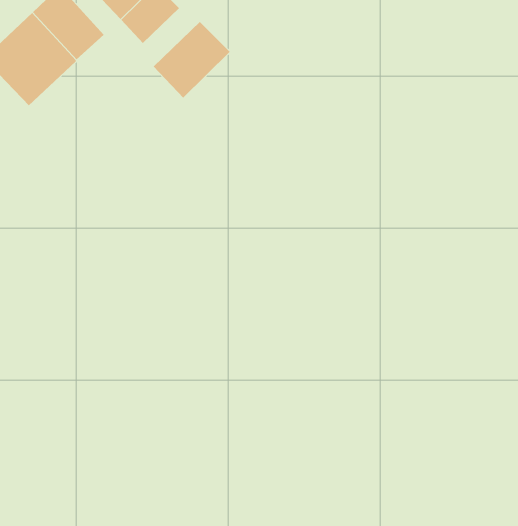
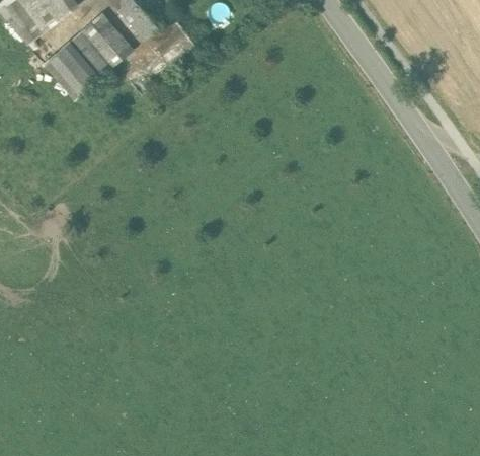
building: [153,21,230,99] -> none

